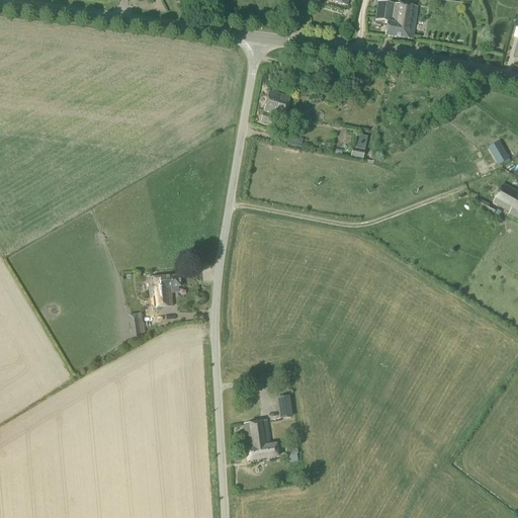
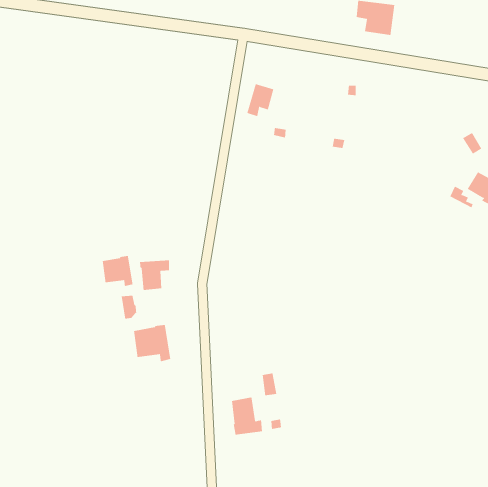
building: none -> [102,255,133,287]
building: none -> [133,324,171,362]

